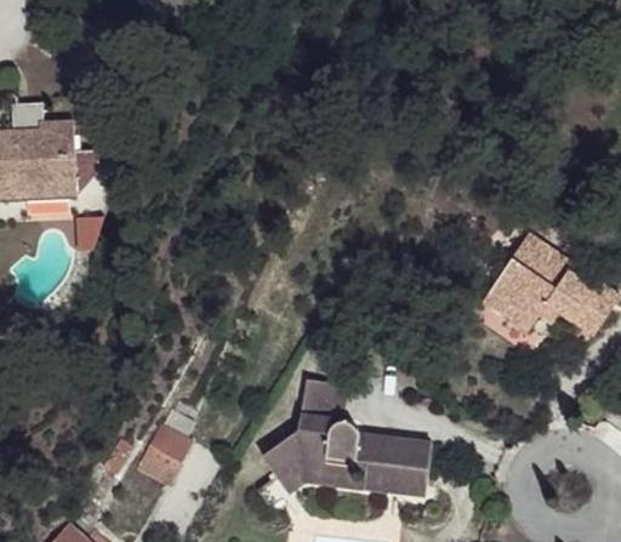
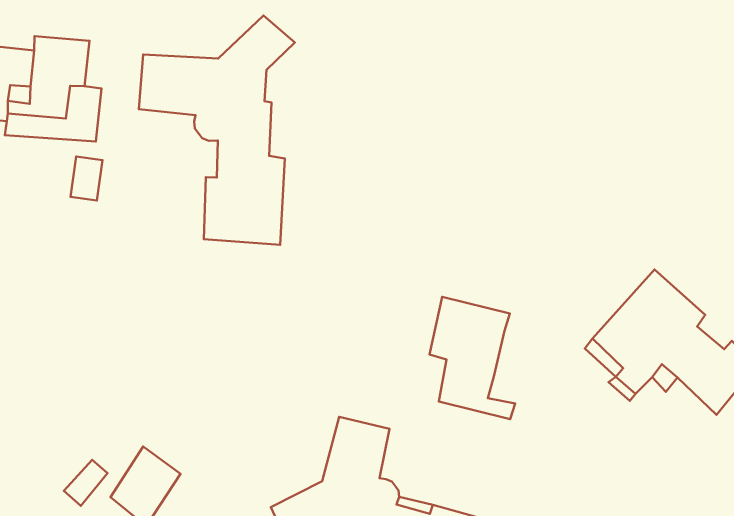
building: none -> [139,16,295,245]
building: none -> [429,297,515,419]

